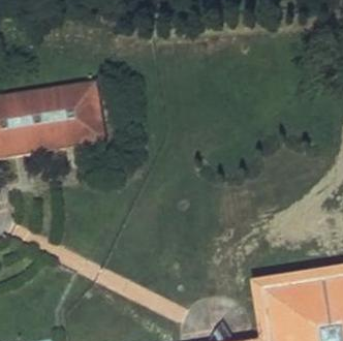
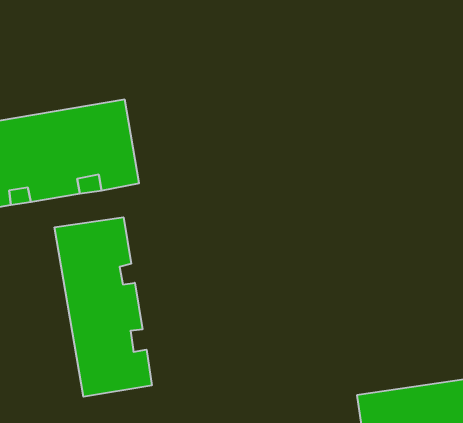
building: none -> [55,217,152,397]

